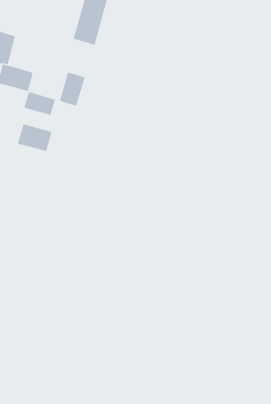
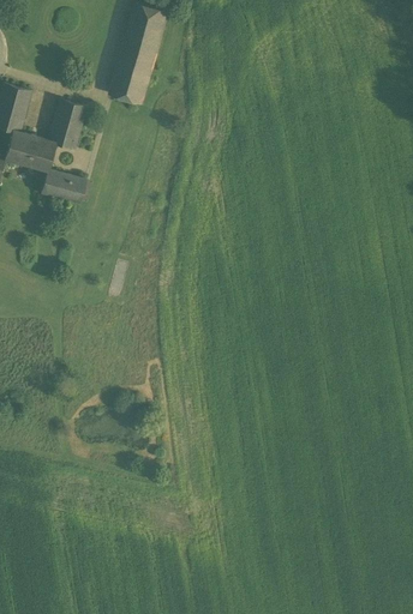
building: [59,72,85,106] -> [49,100,86,148]
building: [18,123,52,152] -> none

